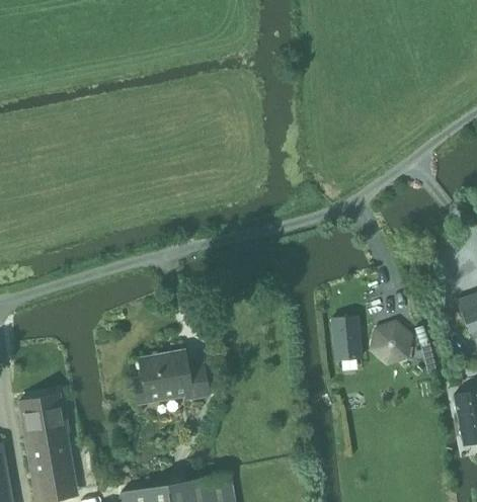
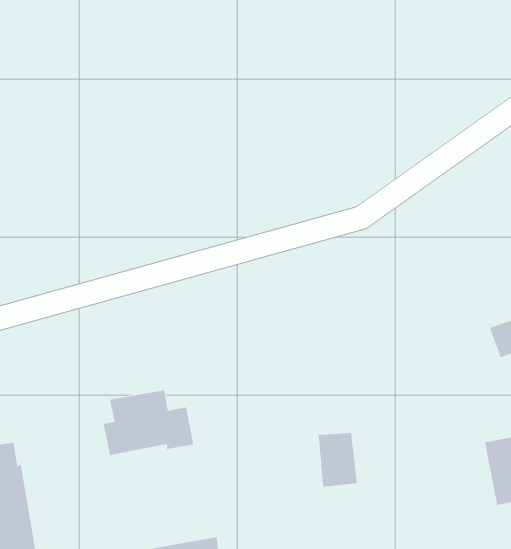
building: [329,316,363,361] -> [318,432,358,487]
building: [371,323,411,364] -> none

